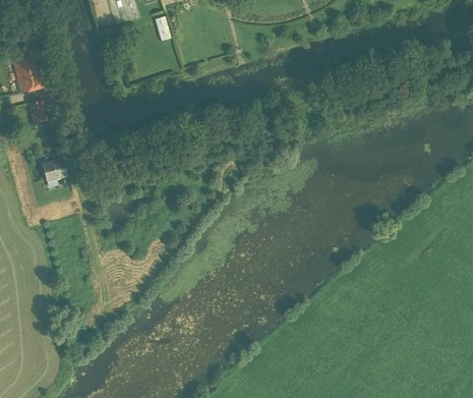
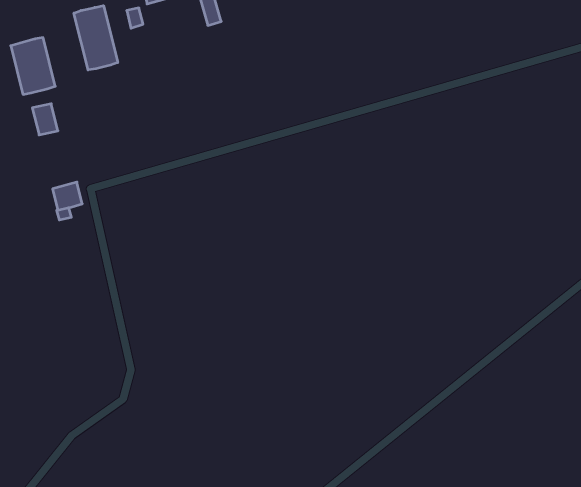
building: none -> [74,6,118,70]

